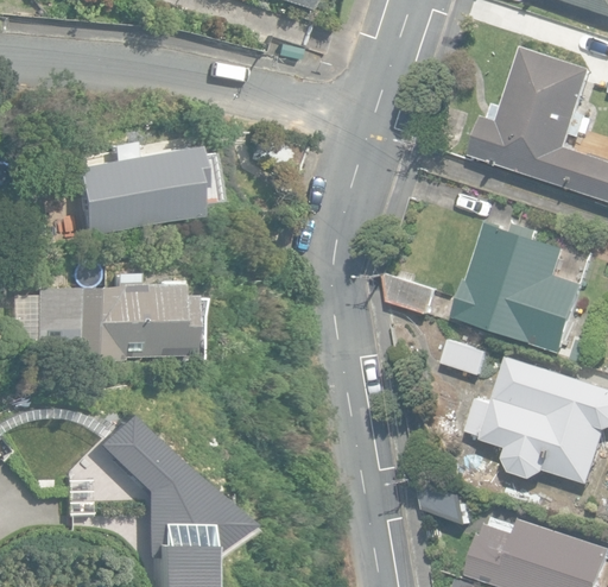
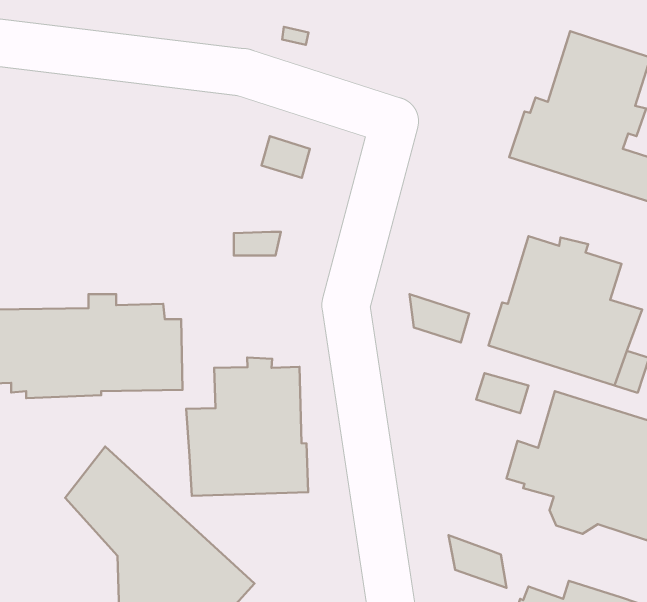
building: [70,143,191,236] -> none
building: none -> [186,358,308,496]

